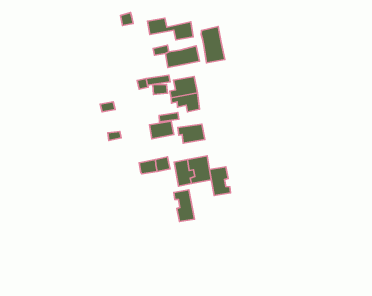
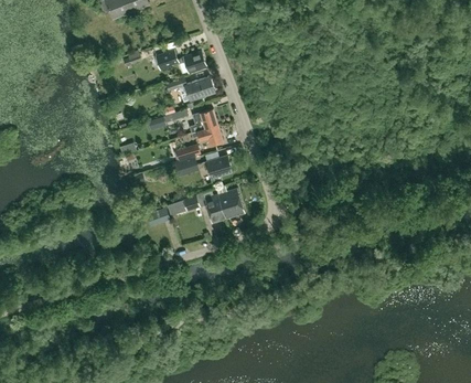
building: [201,27,225,63] -> none
building: [209,167,231,196] -> none
building: [174,190,194,222] -> none

